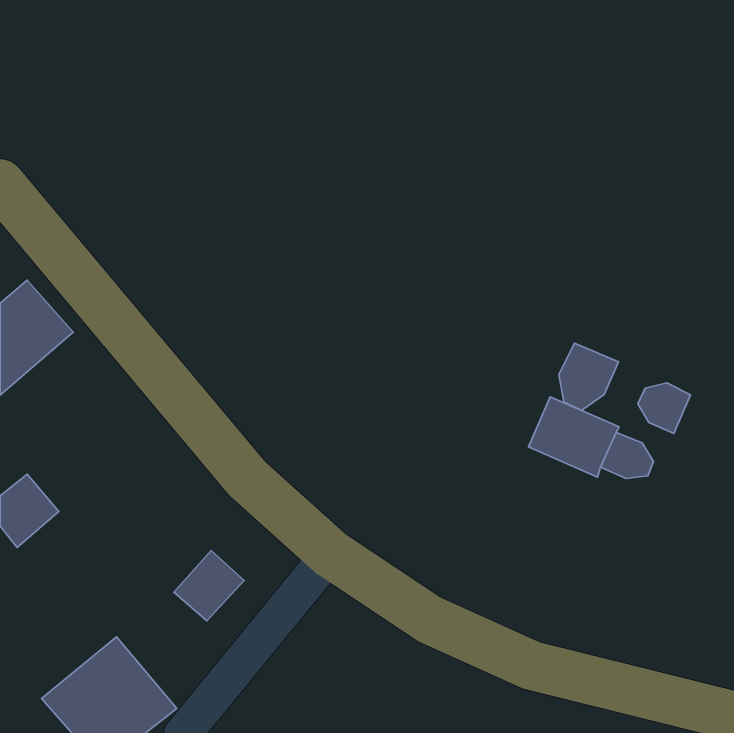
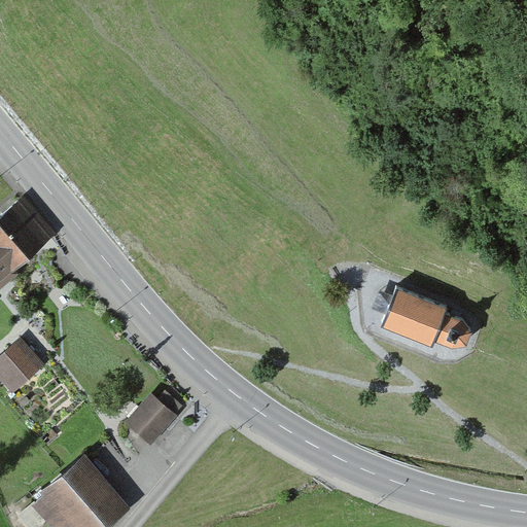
building: [559,343,618,410] -> none
building: [638,383,691,434] -> none

